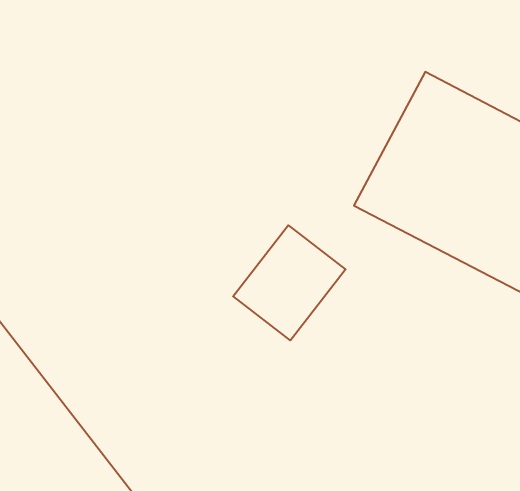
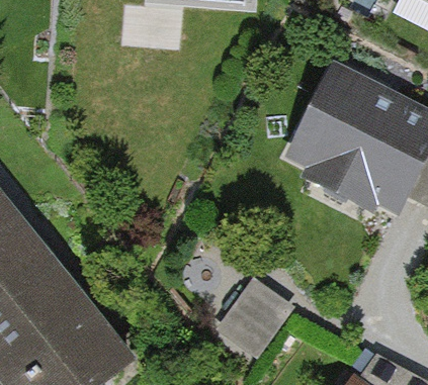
building: [233,225,346,340] -> [219,270,298,352]

